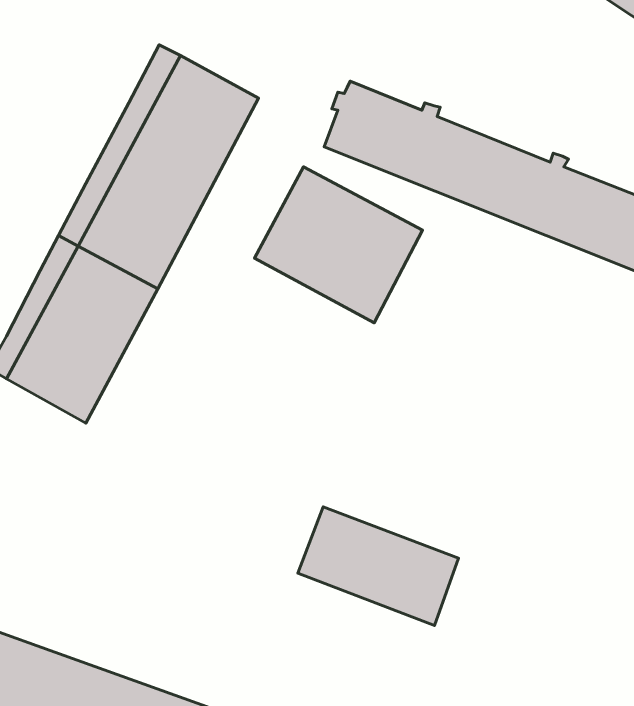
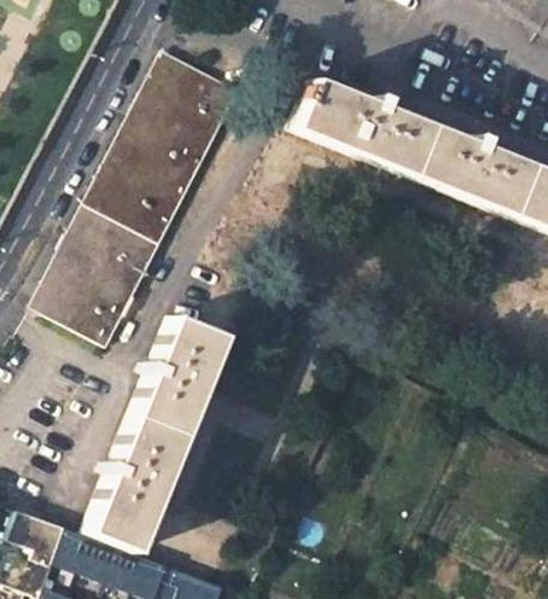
building: [255,167,423,323] -> none
building: none -> [91,312,226,548]
building: [298,507,459,626] -> none

